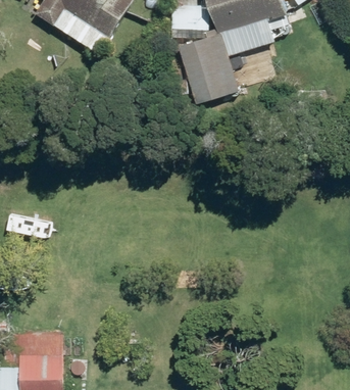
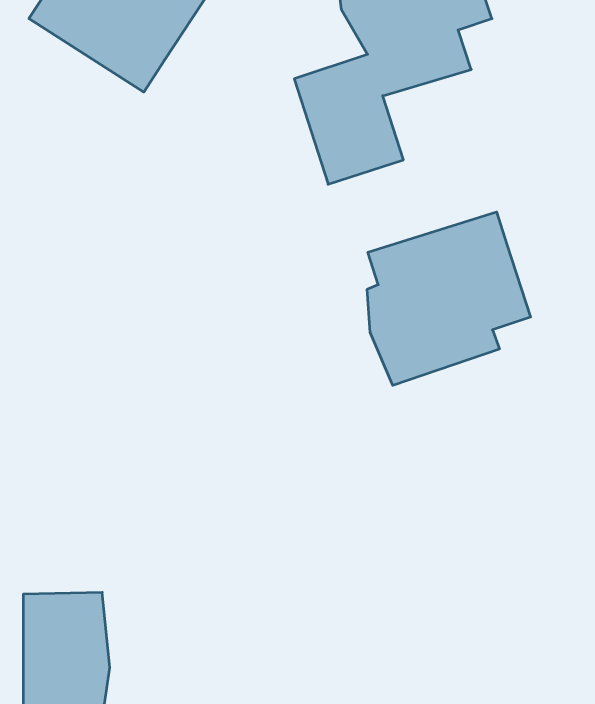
building: none -> [367,212,531,385]

